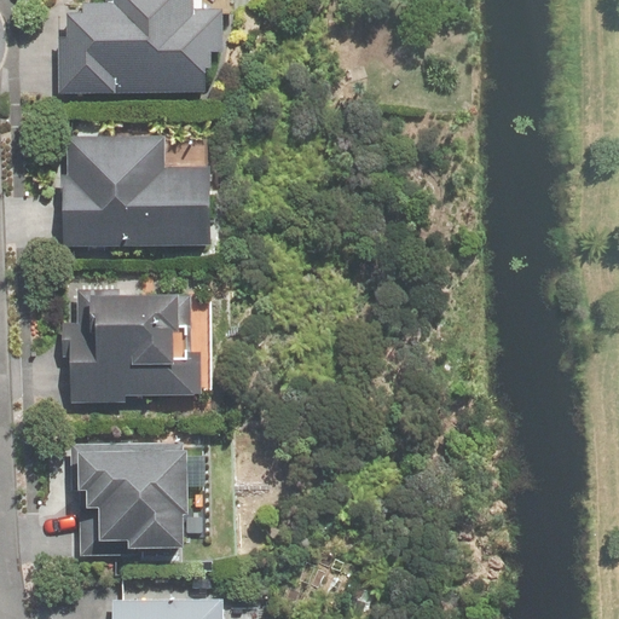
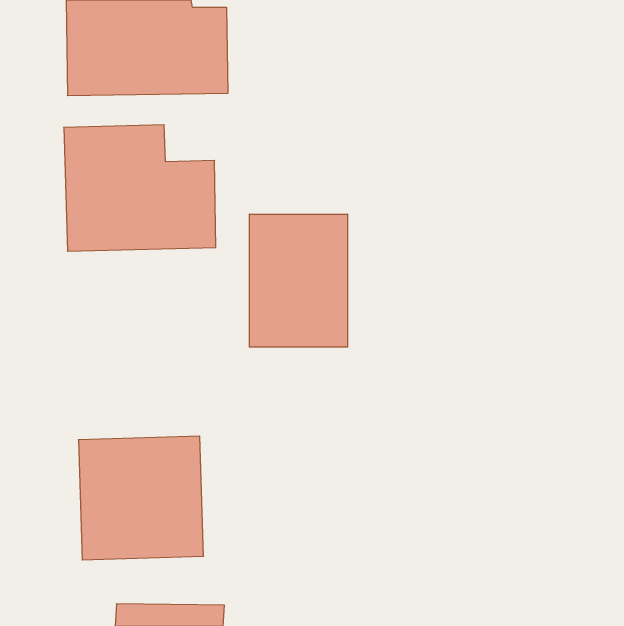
building: none -> [249,214,348,347]
building: [59,291,192,404] -> none

